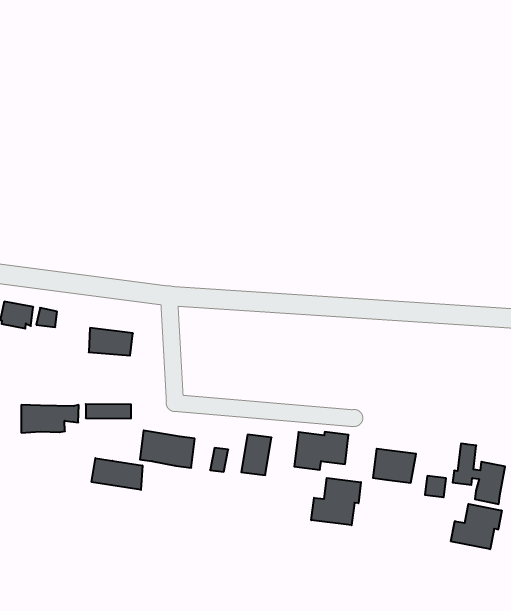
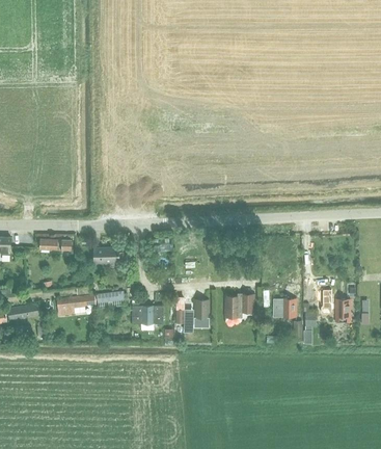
building: [92,458,142,490] -> none
building: [311,478,361,525] -> none
building: [451,504,502,549] -> none

